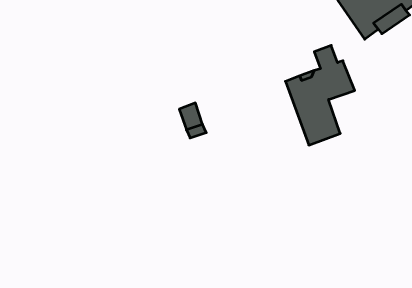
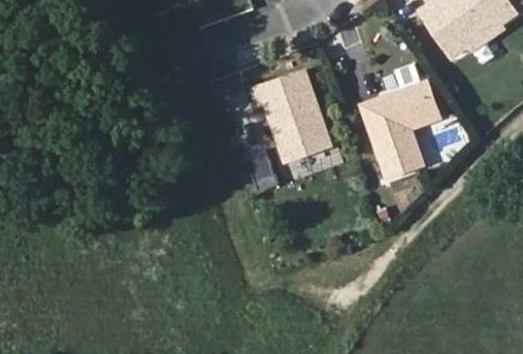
building: none -> [253,70,331,162]

